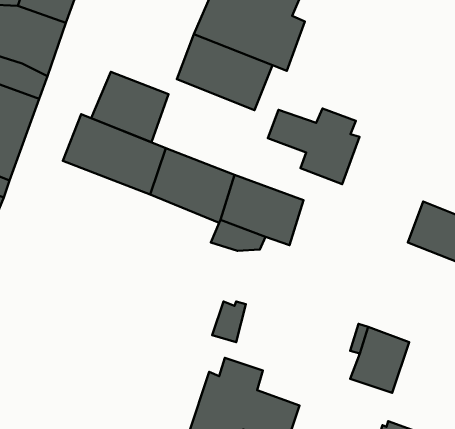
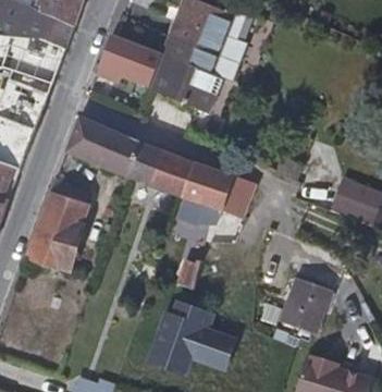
building: [91,72,168,142] -> [95,32,155,86]
building: [268,109,360,184] -> none
building: none -> [24,179,75,270]

